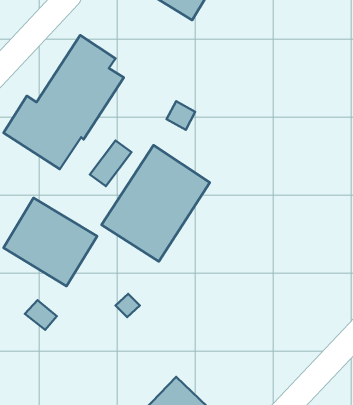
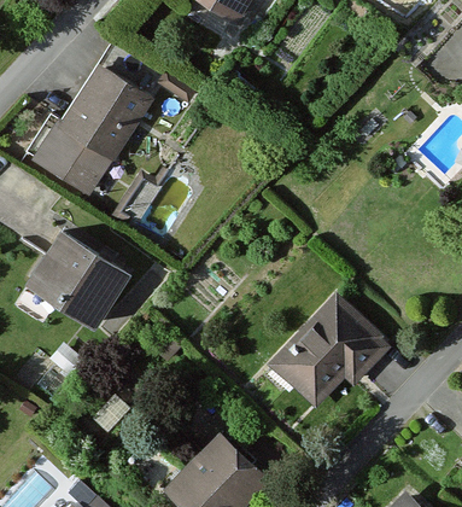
building: [101,145,210,261] -> none
building: none -> [265,293,390,409]

